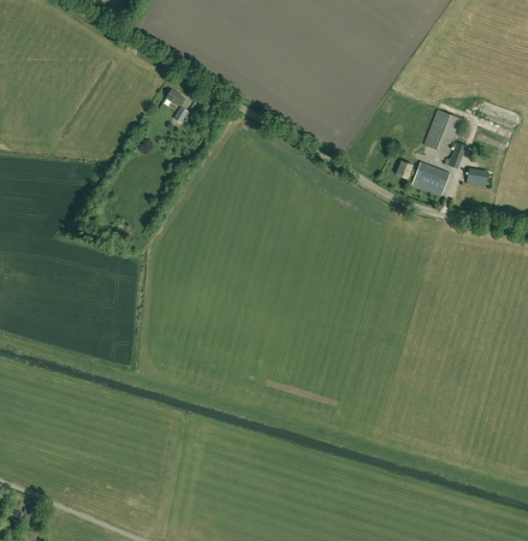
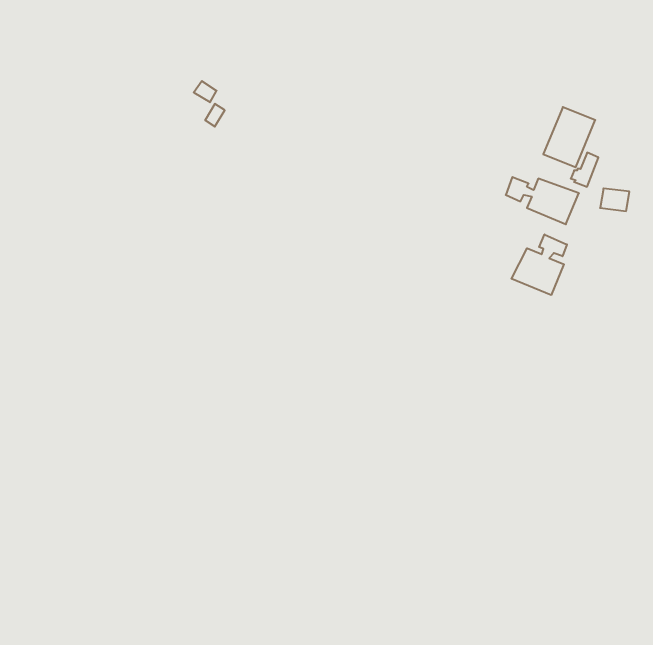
building: none -> [511,234,567,295]

